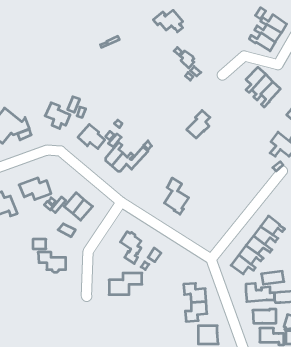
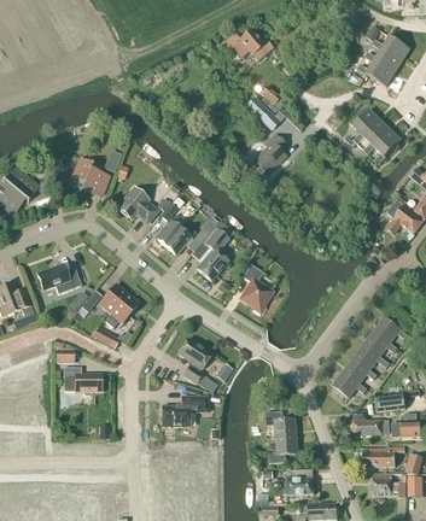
building: [187,110,210,138] -> [253,134,286,172]
building: none -> [197,229,228,280]

